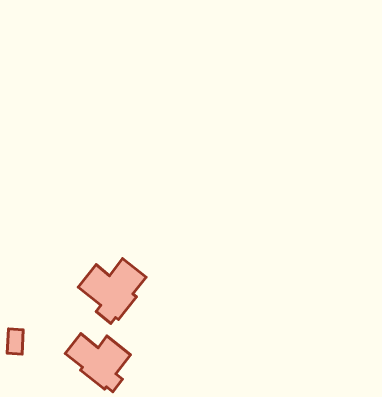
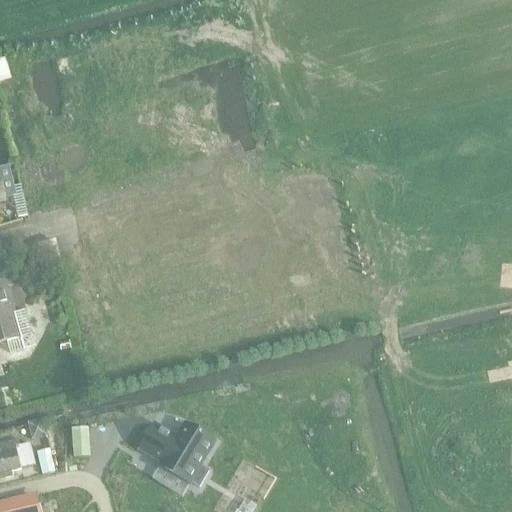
building: [78,258,146,324] -> none

